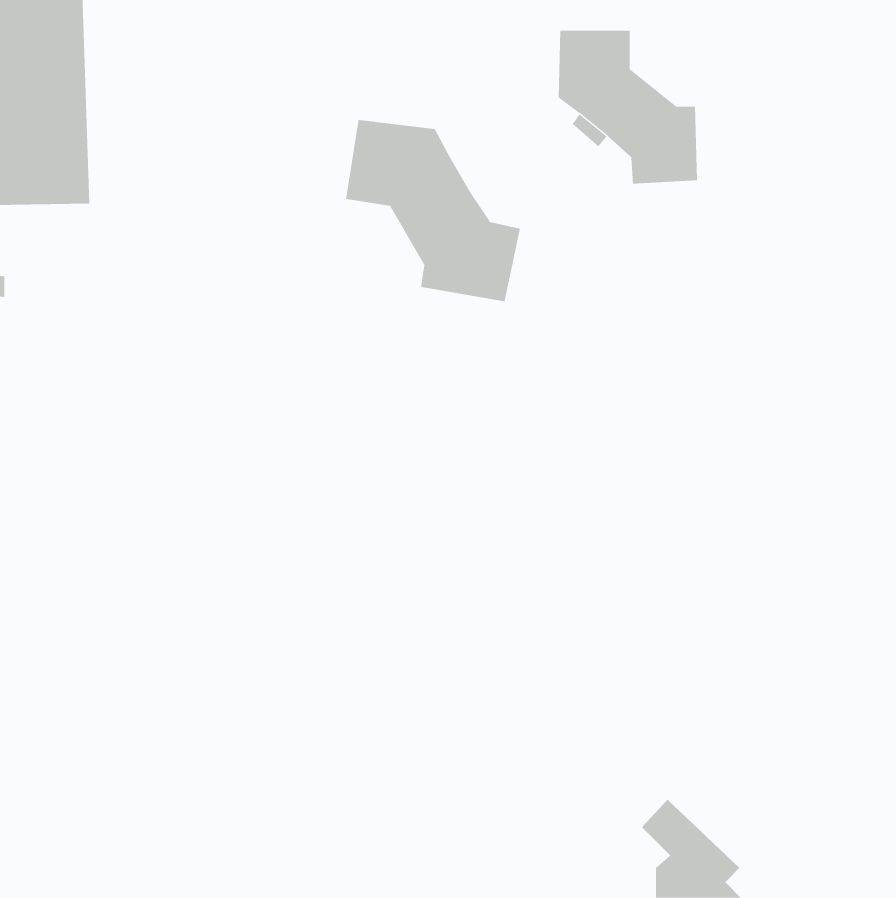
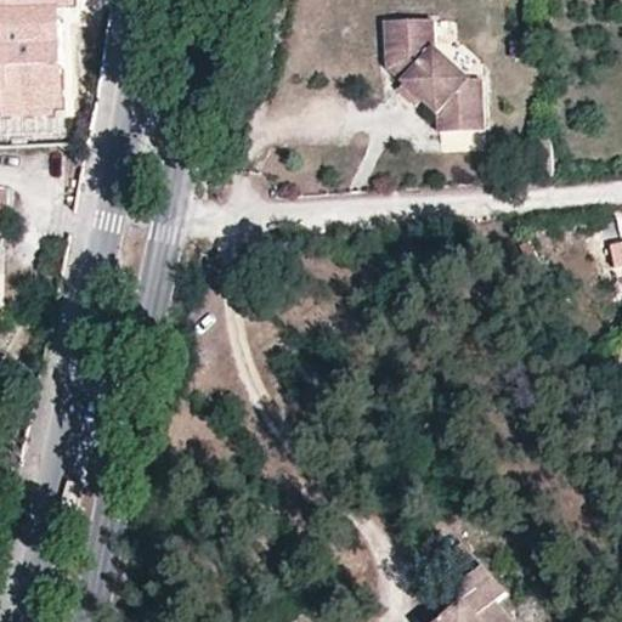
building: [346,119,521,302] -> none

